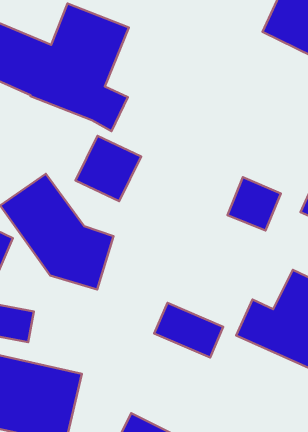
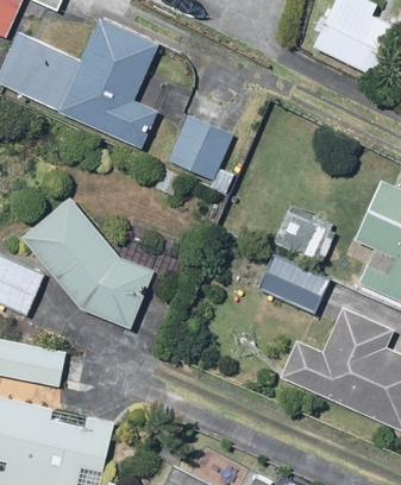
building: [76,136,141,201] -> [164,114,236,185]
building: [154,303,223,358] -> [253,256,328,315]

